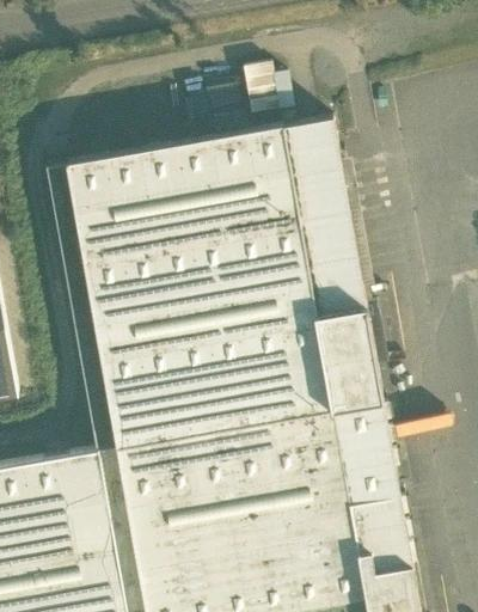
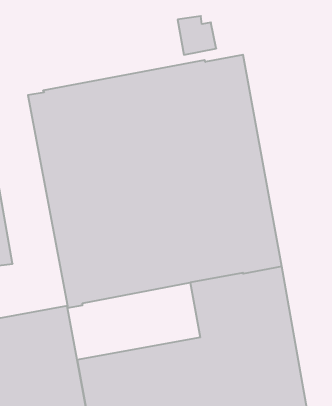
building: [97,421,274,524] -> none

